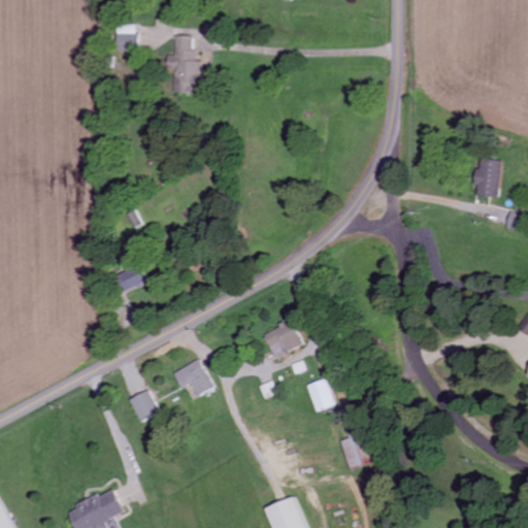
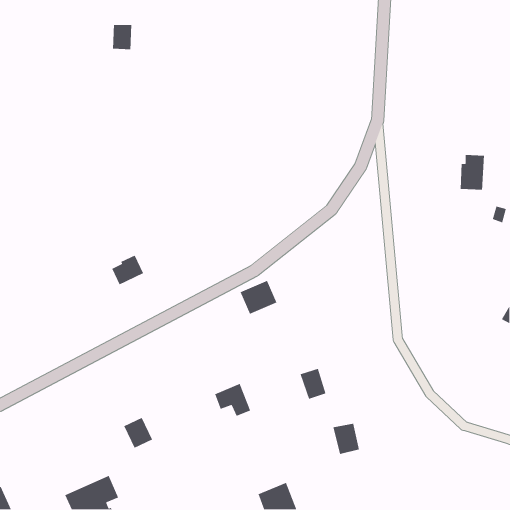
building: [166,35,201,93] -> none
building: [264,321,303,357] -> [240,280,278,315]
building: [173,360,211,395] -> [214,383,251,417]
building: [129,390,160,423] -> [123,417,153,449]

